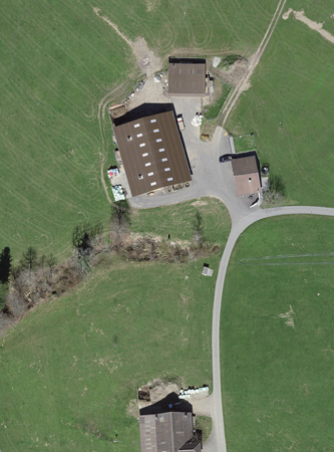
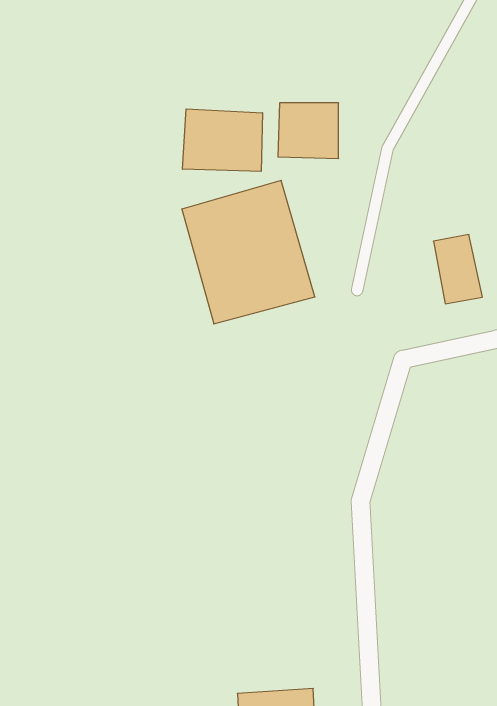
building: none -> [183,109,262,171]
building: [231,155,260,196] -> [433,235,482,304]

